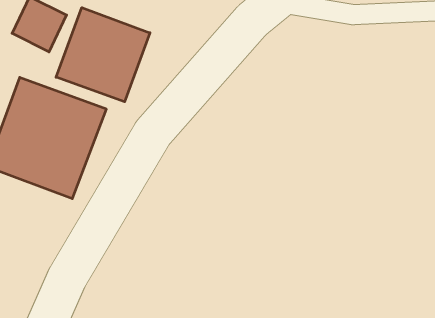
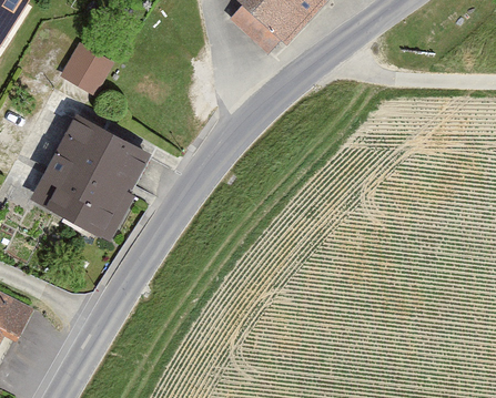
building: [56,8,150,102] -> none

